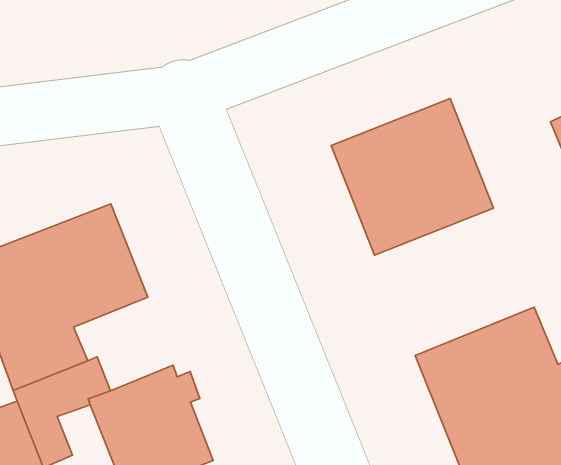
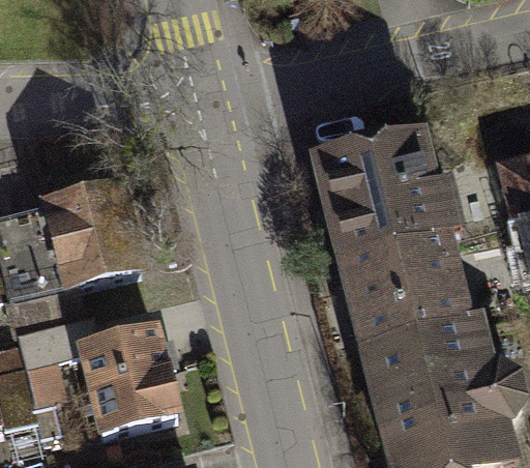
building: none -> [340,234,468,349]

